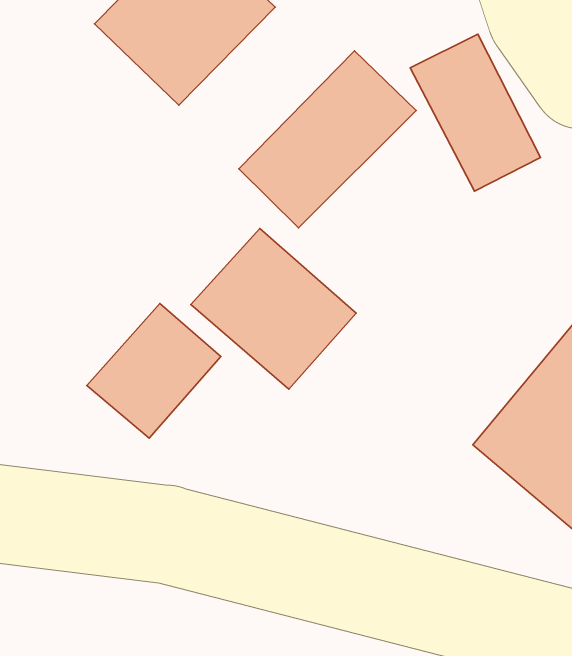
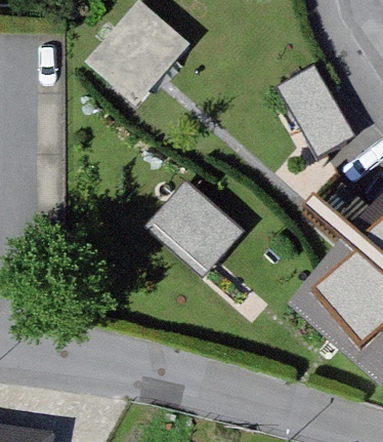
building: [239,51,416,228] -> none
building: [87,304,221,438] -> none

